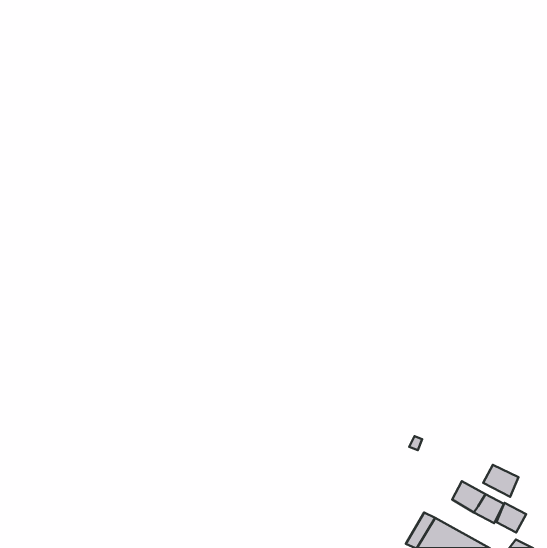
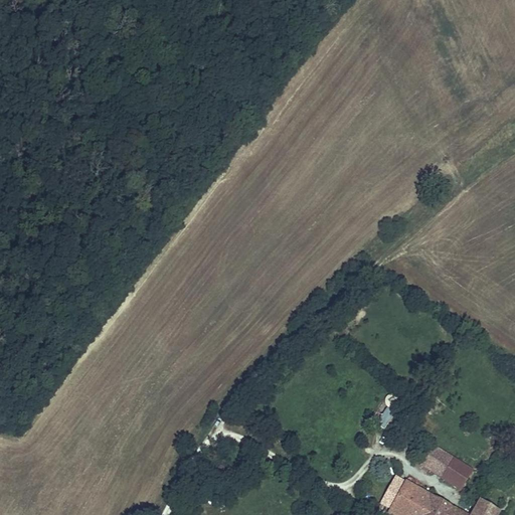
building: [483,465,518,497] -> none
building: [496,503,526,533] -> none

